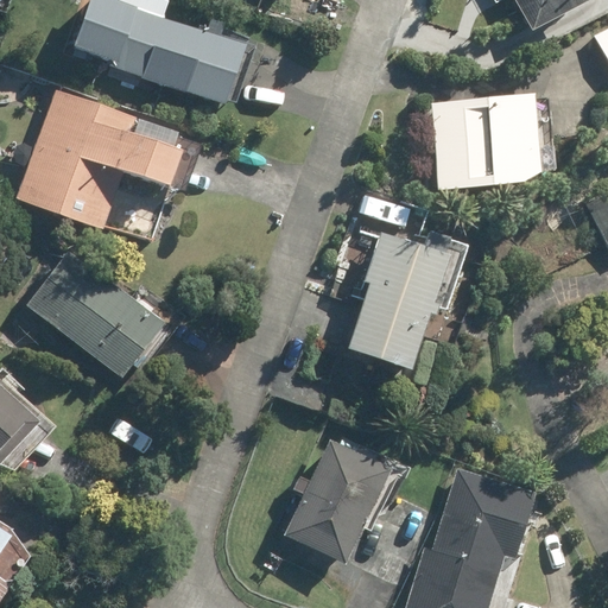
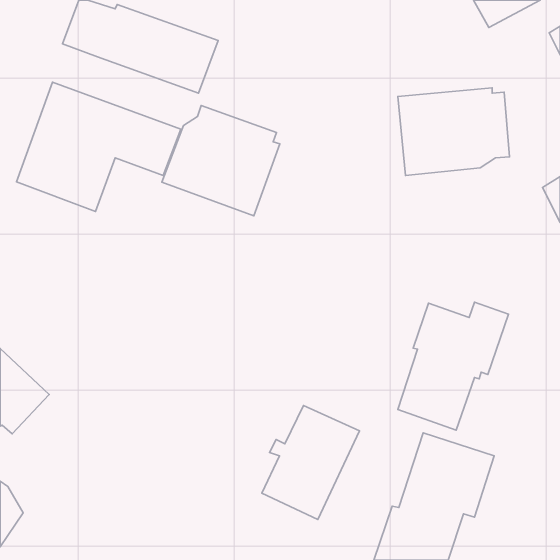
building: none -> [162,106,280,216]
building: [347,232,467,370] -> [398,302,509,430]
building: [26,252,183,378] -> none

